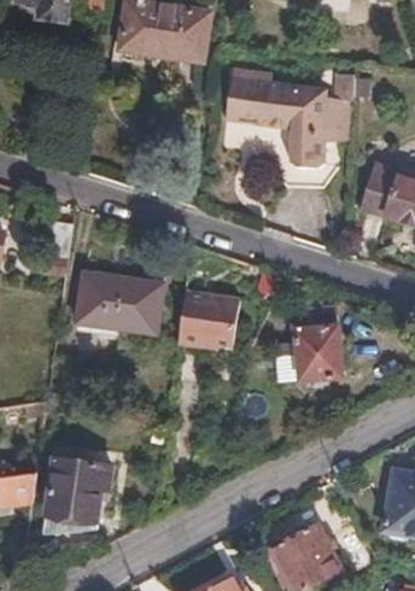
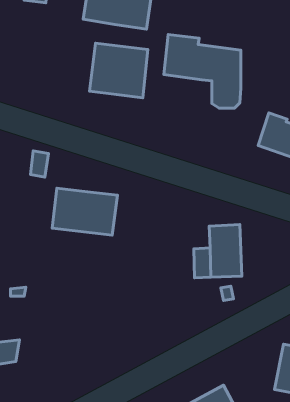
building: [332,71,357,139] -> none
building: none -> [89,43,148,98]
building: [182,291,245,347] -> none
building: [49,458,112,522] -> none

